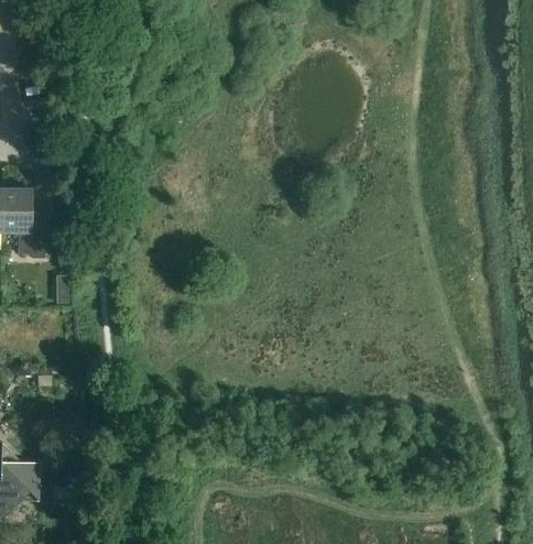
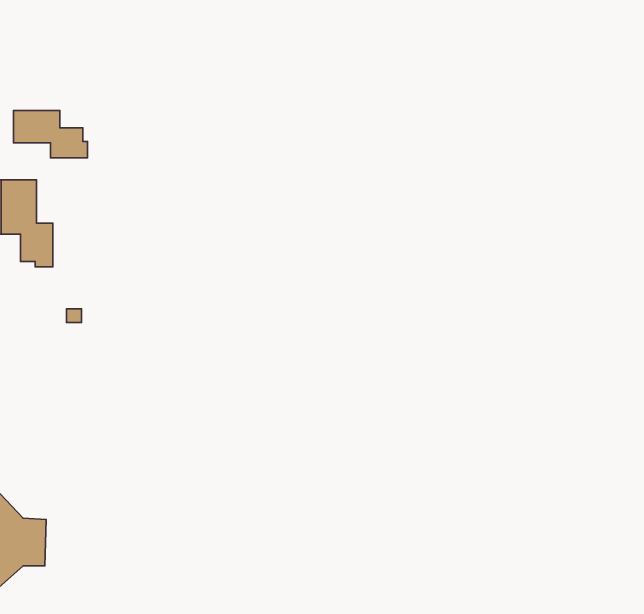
building: none -> [13,111,87,158]

